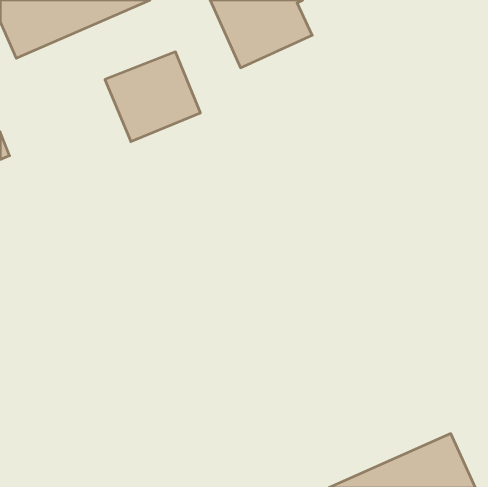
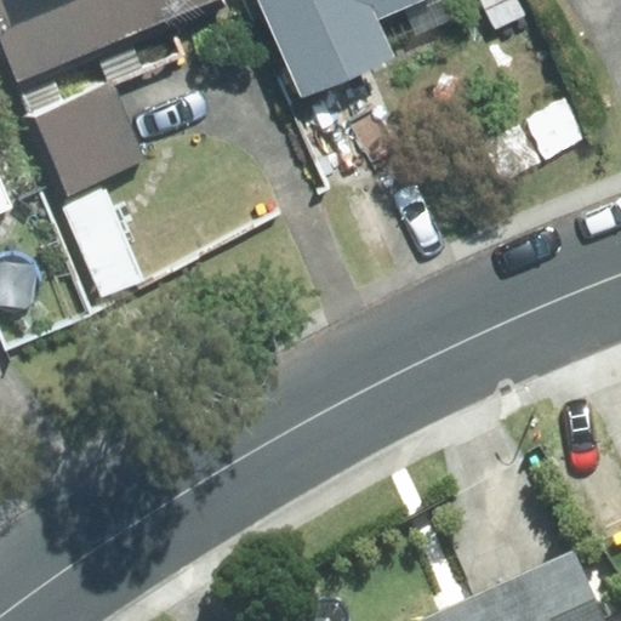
building: [105,52,200,142] -> [23,81,144,195]

